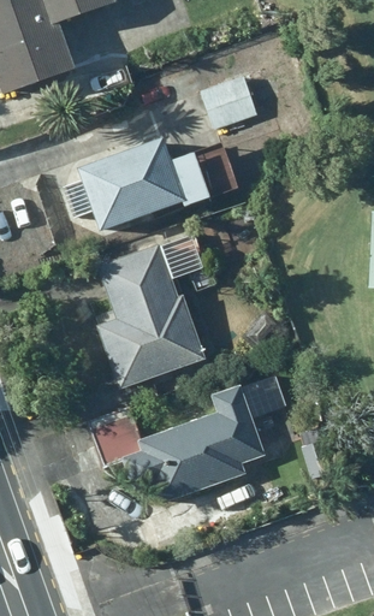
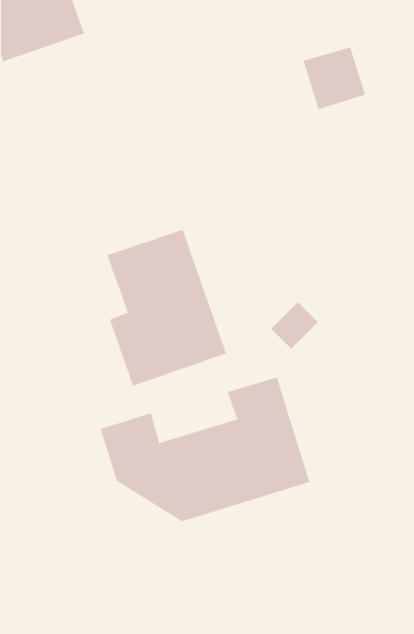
building: [207,72,262,128] -> [303,47,366,110]
building: [63,131,239,233] -> none

